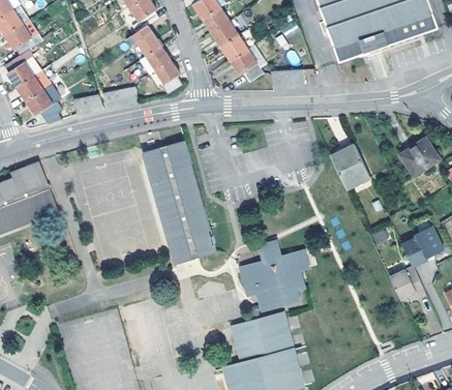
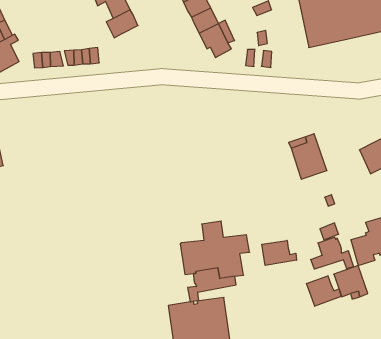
building: [155,60,180,93] -> none
building: [143,142,214,263] -> none
building: none -> [311,237,353,270]
building: none -> [262,240,296,265]
building: none -> [307,276,341,306]

